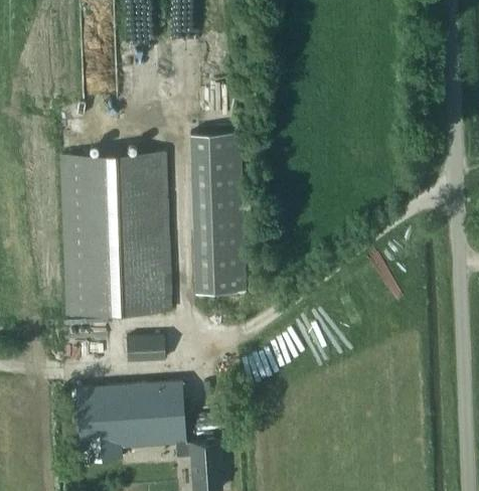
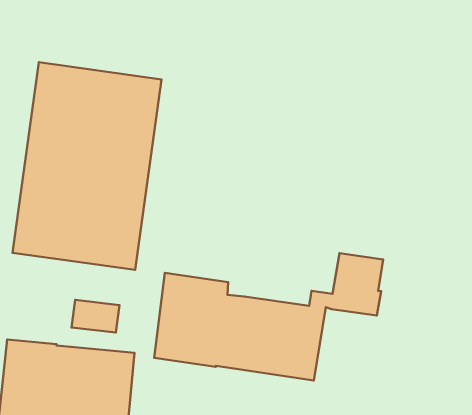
building: [189,138,245,299] -> none
building: none -> [154,253,383,380]

